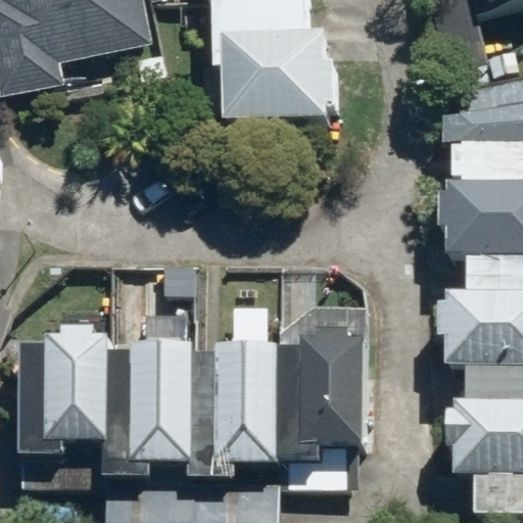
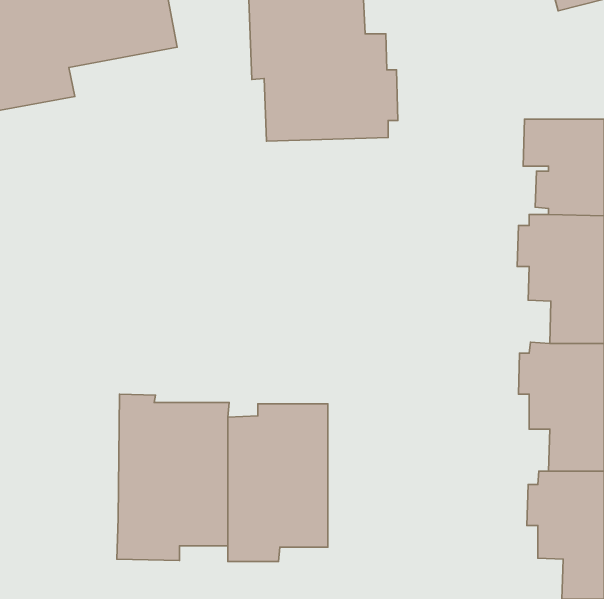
building: [18,326,101,454] -> none
building: [278,327,367,457] -> none

